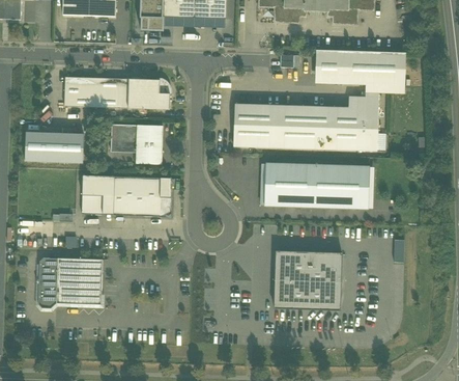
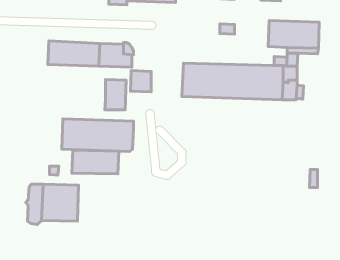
building: [314,50,342,83] -> none
building: [110,124,136,151] -> [131,71,151,92]
building: [24,132,83,162] -> [72,150,119,174]
building: [263,163,369,208] -> none
building: [274,250,341,309] -> none

